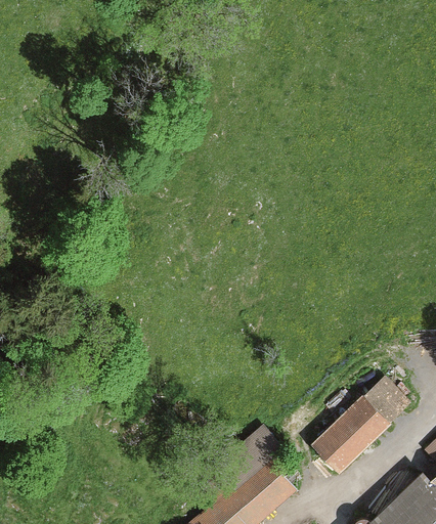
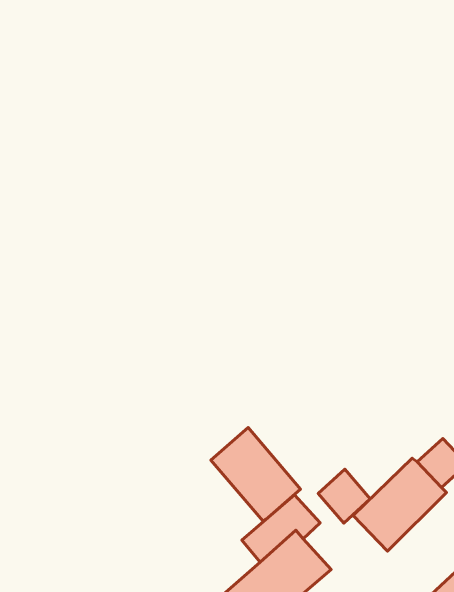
building: none -> [211,427,300,521]
building: none -> [318,469,370,523]

